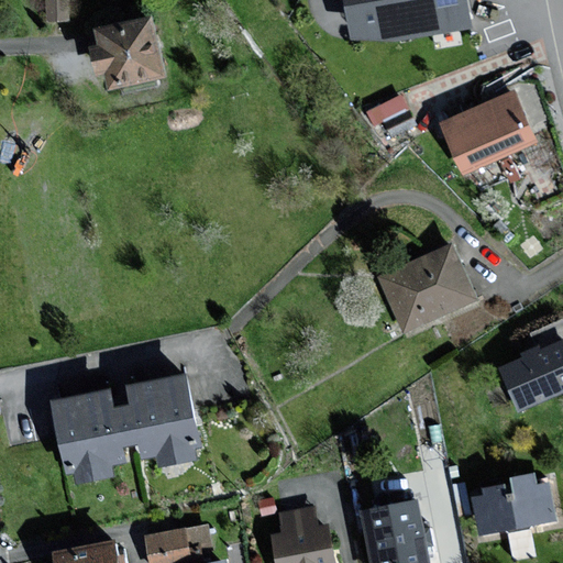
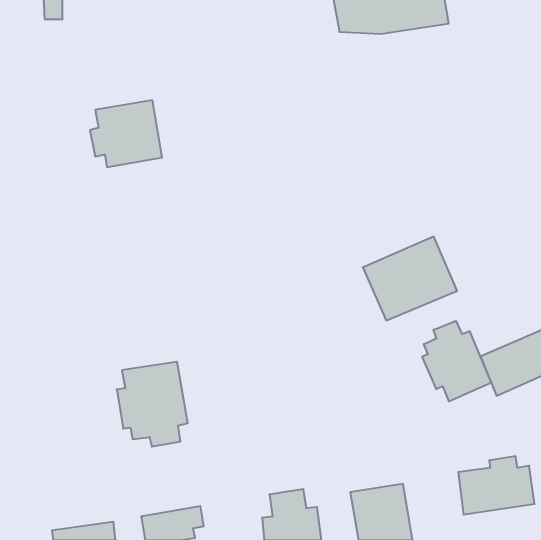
building: [89,15,164,85] -> [90,100,162,167]
building: [440,90,534,176] -> none
building: none -> [422,321,491,401]
building: [52,389,129,484] -> none

